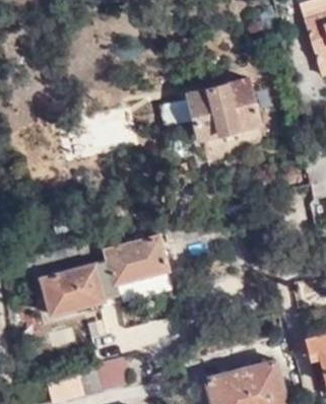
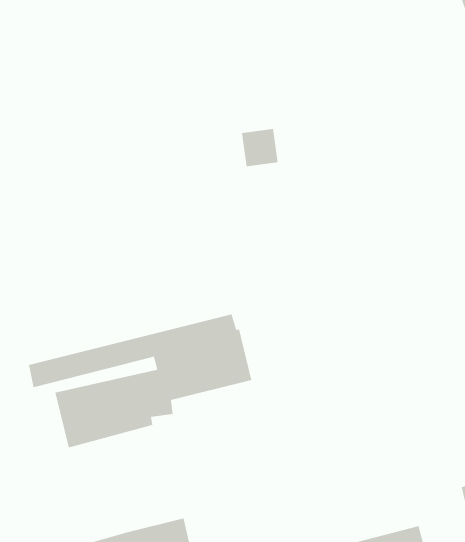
building: [191,77,261,137] -> none

